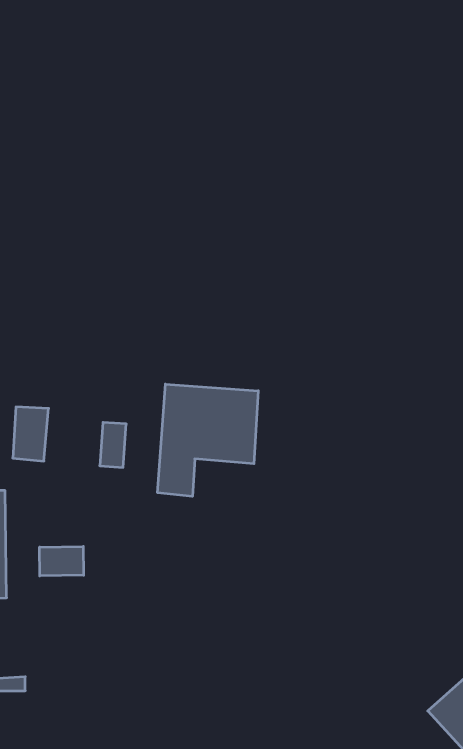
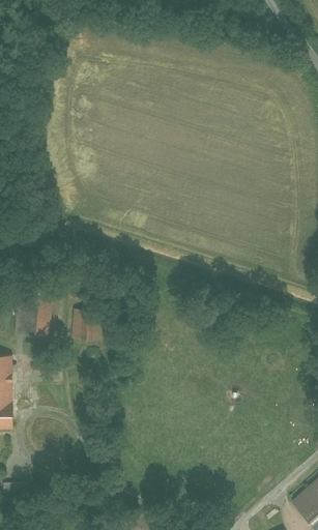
building: [158,384,258,496] -> none
building: [40,546,84,576] -> none

